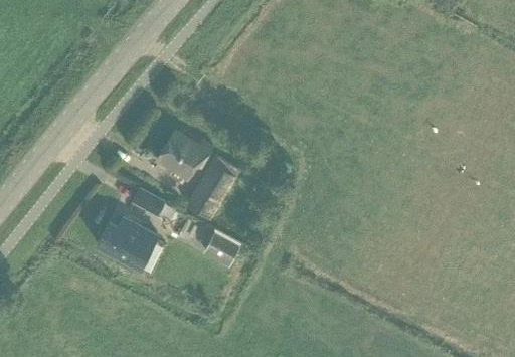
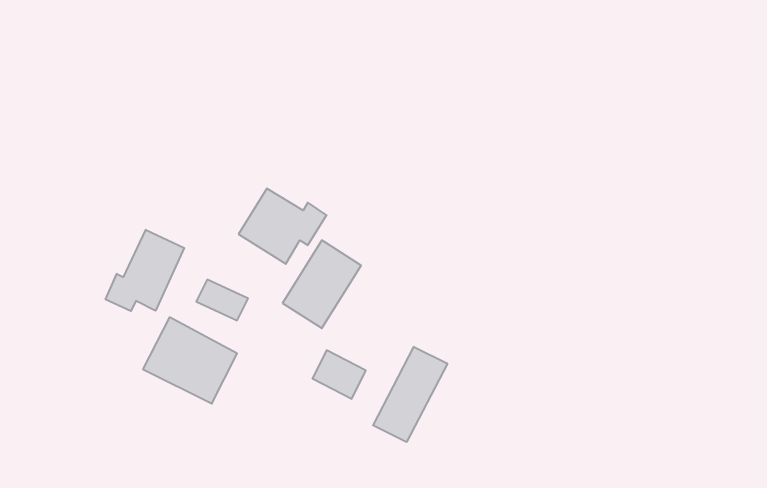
building: none -> [106,230,184,311]
building: none -> [373,347,447,442]

